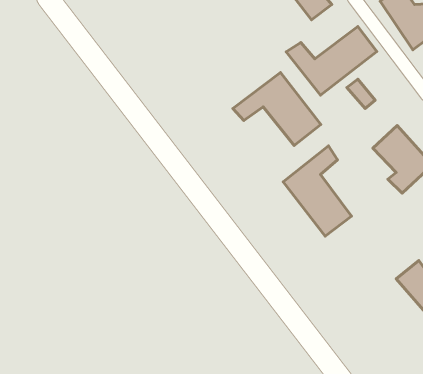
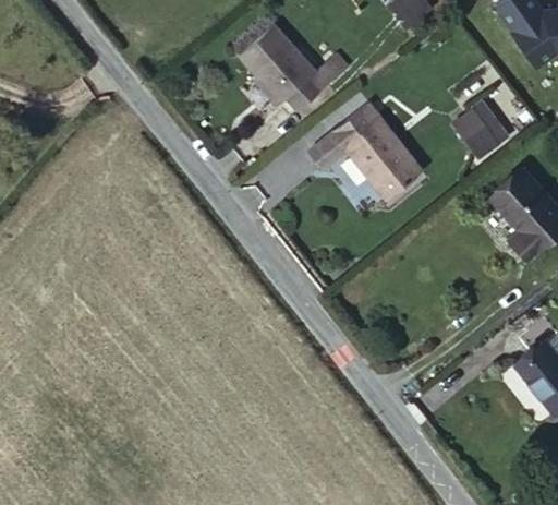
building: none -> [238,22,331,105]
building: [286,27,377,95] -> none
building: [283,146,351,236] -> none

